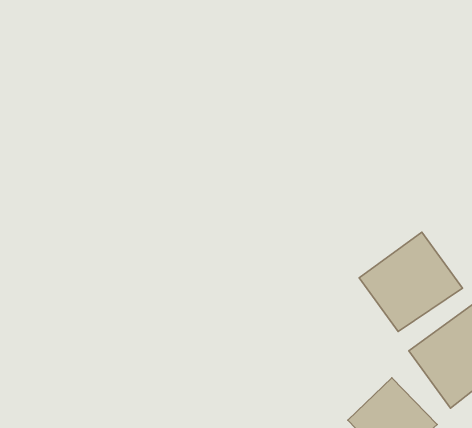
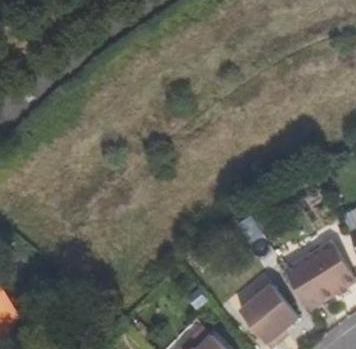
building: [359,232,463,331] -> none

